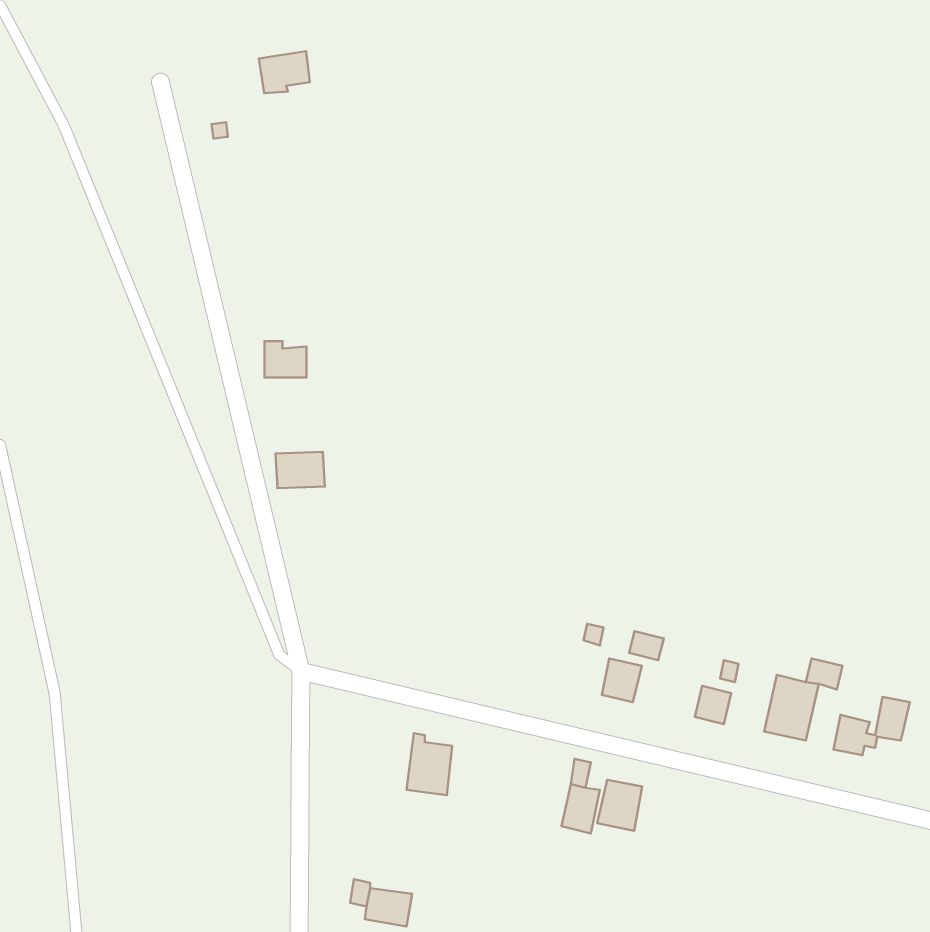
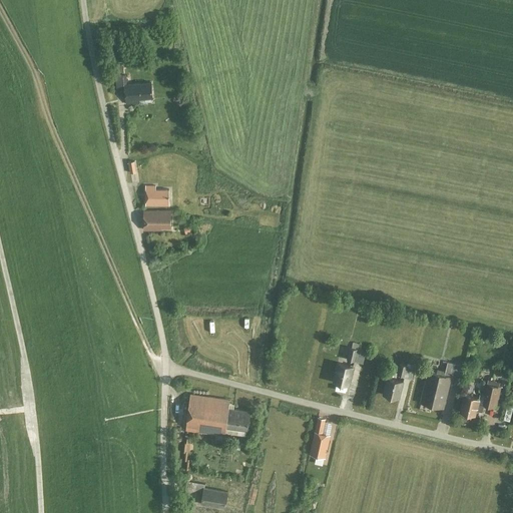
building: [259,51,310,93] -> [126,84,154,107]
building: [276,452,325,488] -> [143,210,170,230]
building: none -> [184,395,228,439]
building: [597,780,642,831] -> none

